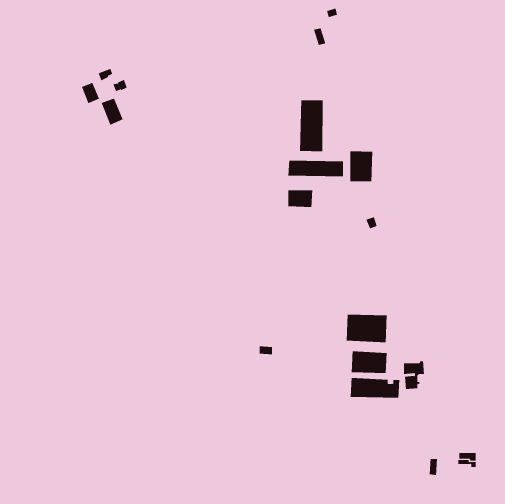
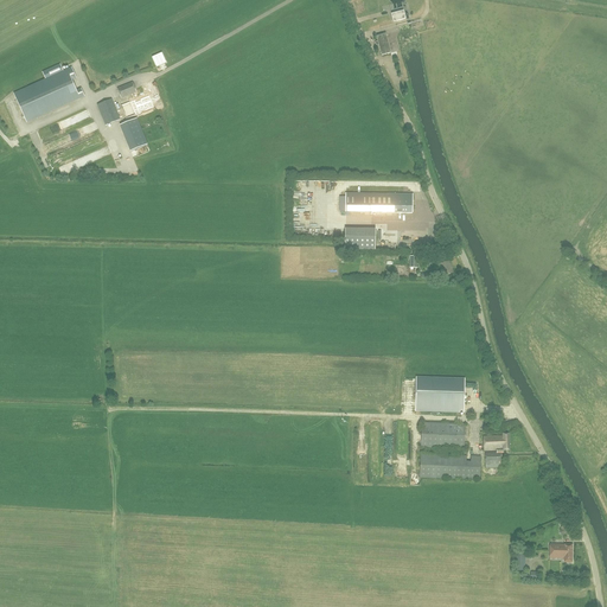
building: none -> [14,63,84,121]
building: [300,99,323,152] -> none
building: [350,151,373,182] -> none

